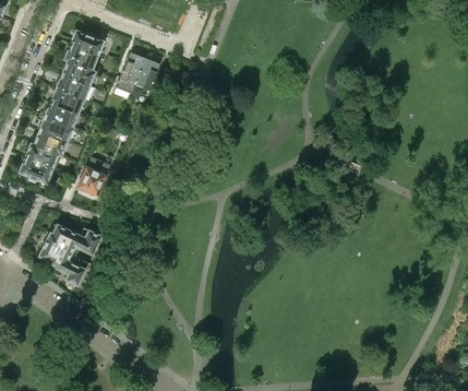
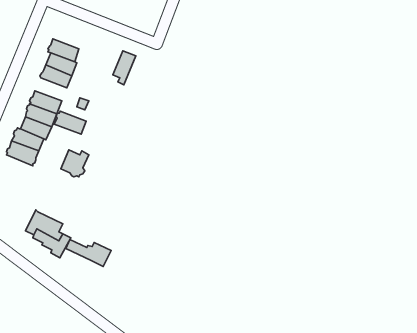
building: [69,31,104,57] -> none
building: [120,52,145,85] -> none
building: [49,88,84,114] -> [54,111,86,134]
building: [52,225,101,254] -> [66,239,111,266]

